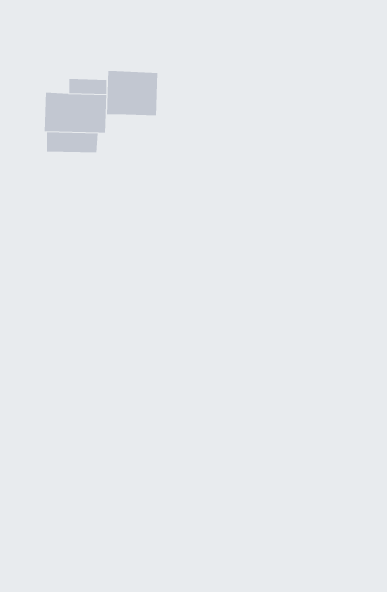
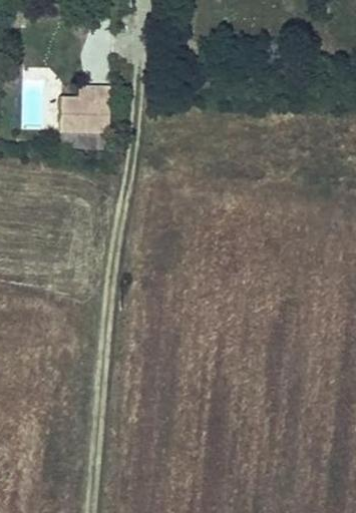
building: [106,70,158,116] -> none

